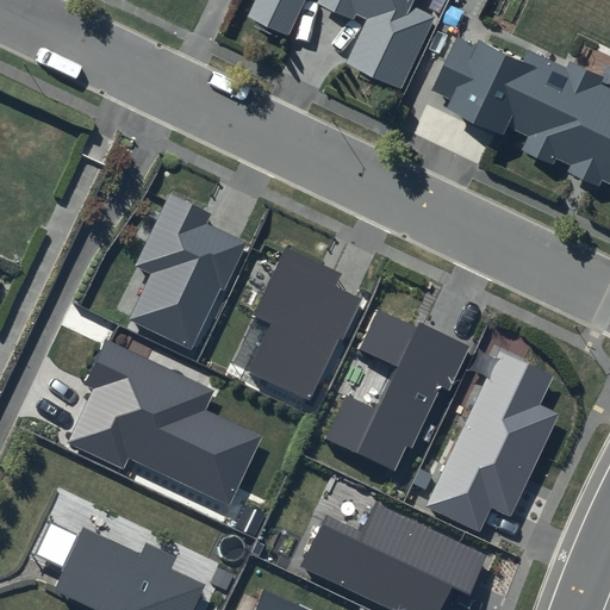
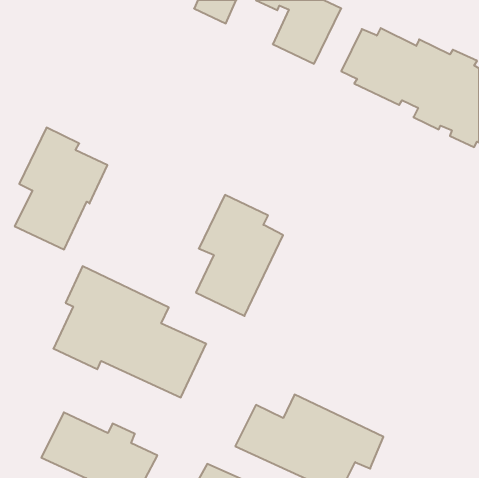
building: [129,195,247,350] -> [15,128,107,249]
building: [325,311,469,472] -> none
building: [427,353,559,533] -> none

